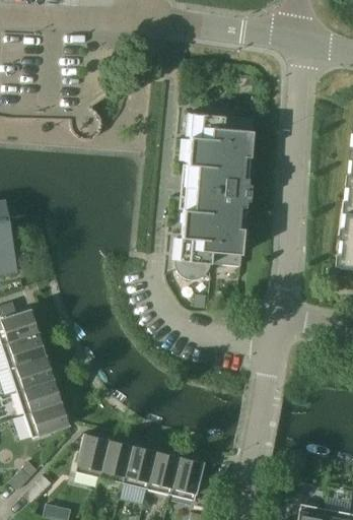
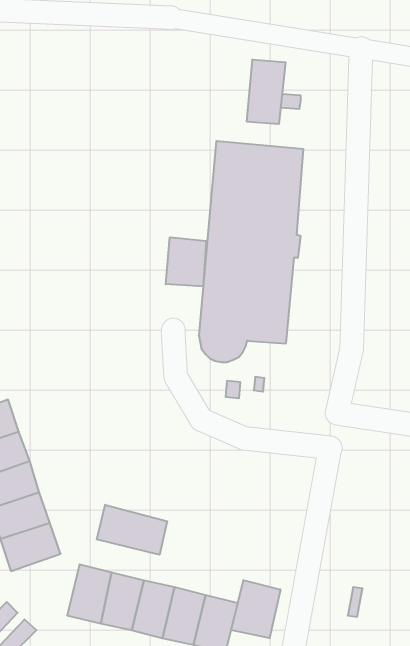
building: none -> [247,59,286,124]
building: none -> [166,237,206,286]
building: none -> [97,505,167,555]
building: none -> [231,580,280,638]

